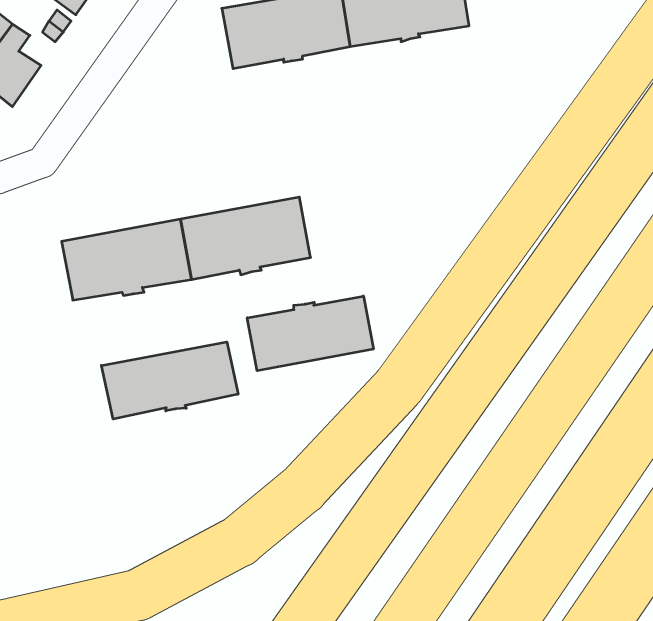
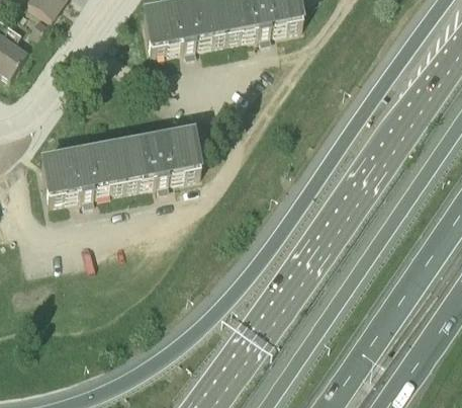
building: [247,296,373,371] -> none
building: [101,342,238,419] -> none

